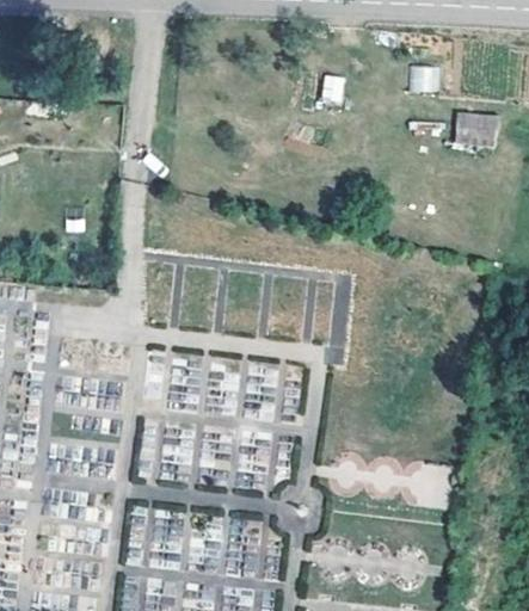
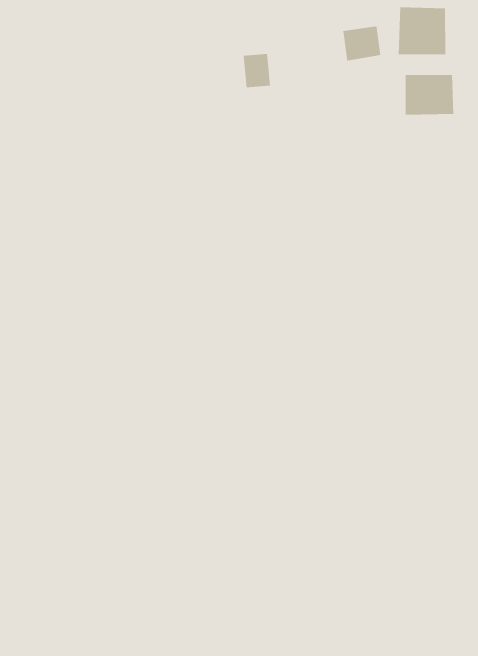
building: none -> [398,7,446,55]

